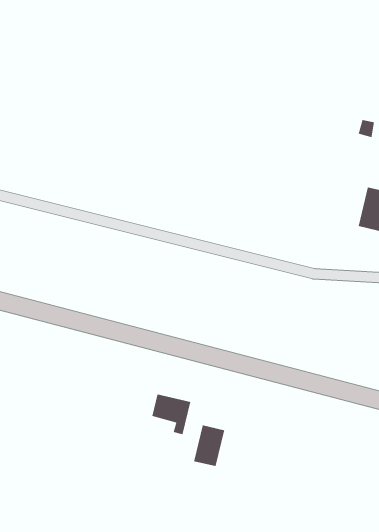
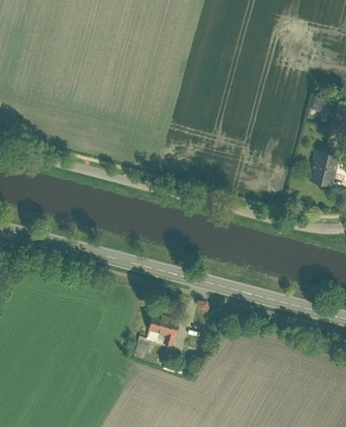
building: [194,424,225,467] -> none

